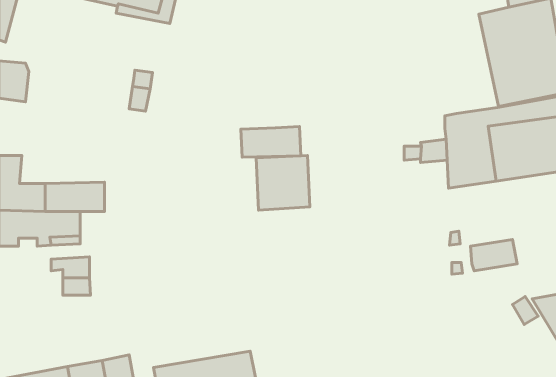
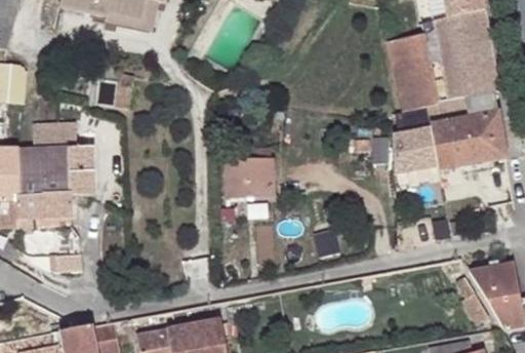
building: none -> [387,32,438,110]
building: none -> [17,120,92,171]
building: [241,127,301,157] -> none

